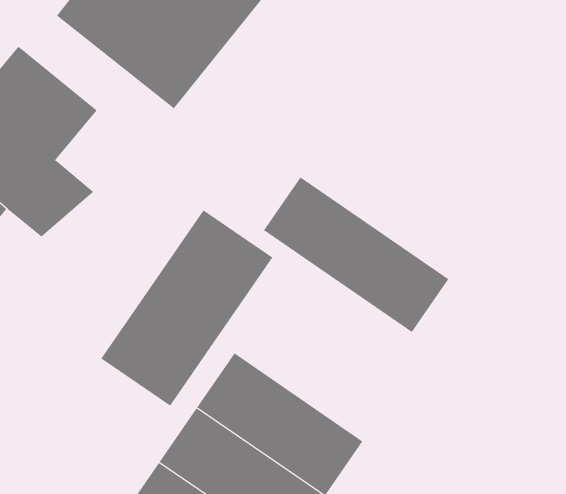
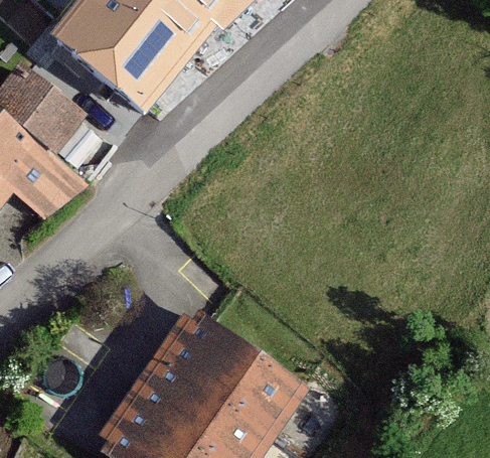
building: [263,177,449,333] -> none
building: [101,210,273,407] -> none

